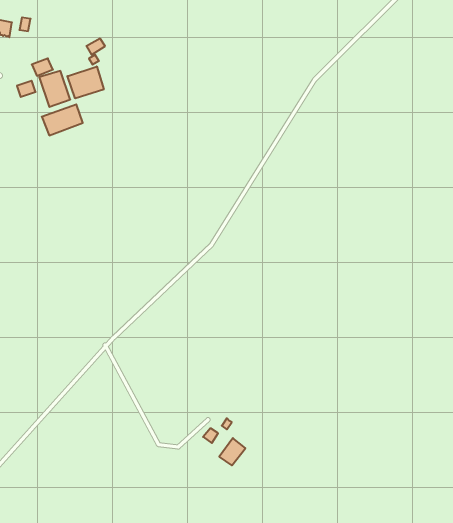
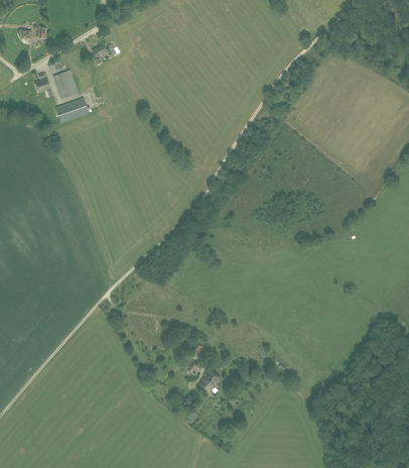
building: [67,66,104,98] -> none

